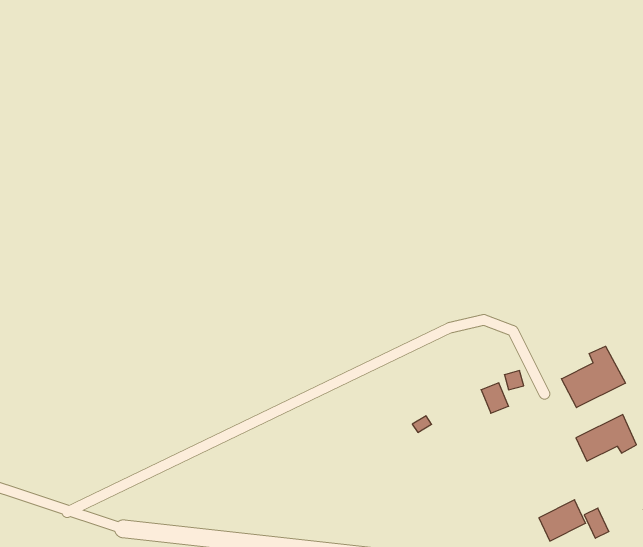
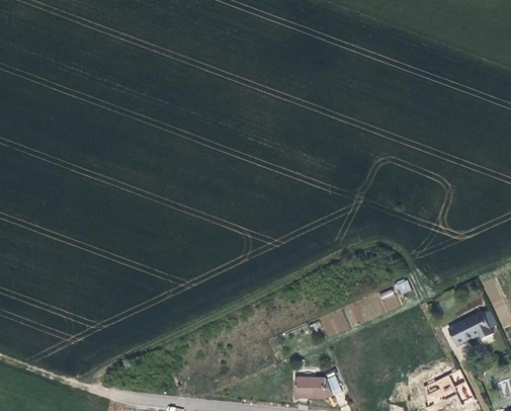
building: [561,346,625,408] -> none
building: none -> [295,377,341,398]

